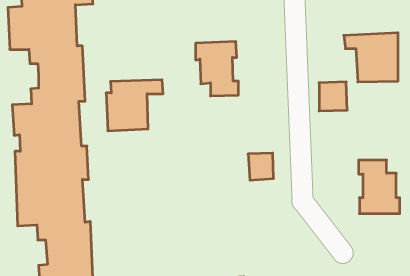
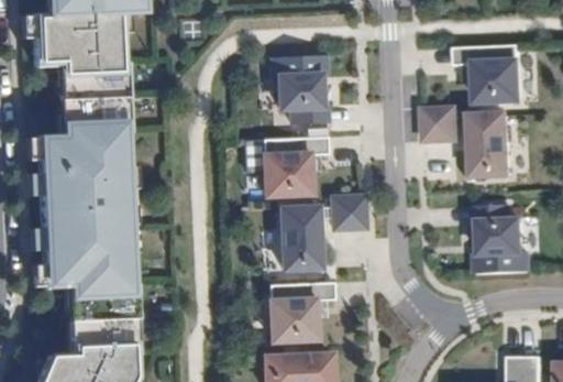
building: [106,80,163,131] -> [258,135,330,199]
building: none -> [468,114,512,181]
building: none -> [278,205,321,273]
building: none -> [265,281,340,345]

